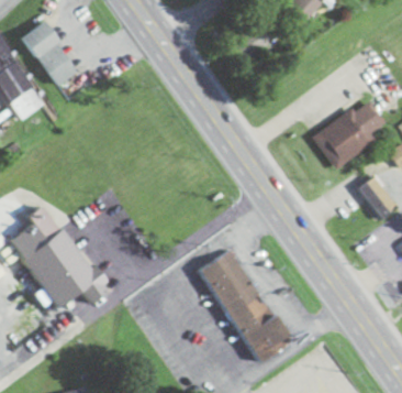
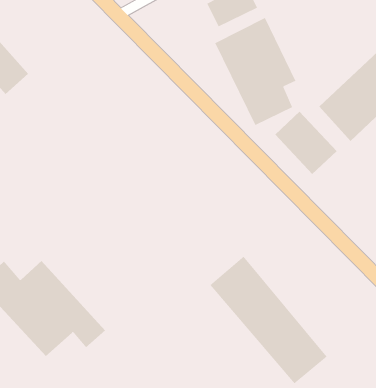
building: none -> [215,17,296,126]
building: none -> [274,111,337,175]

